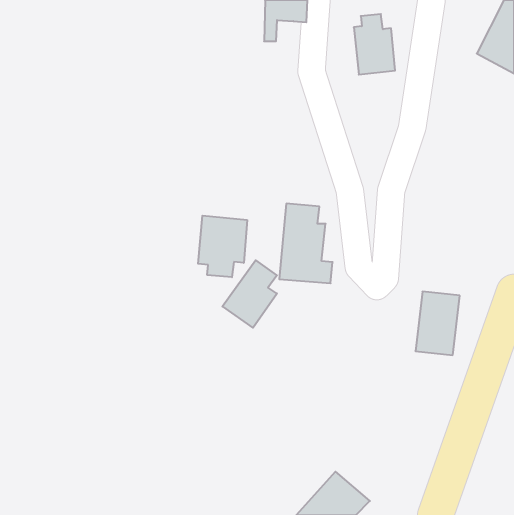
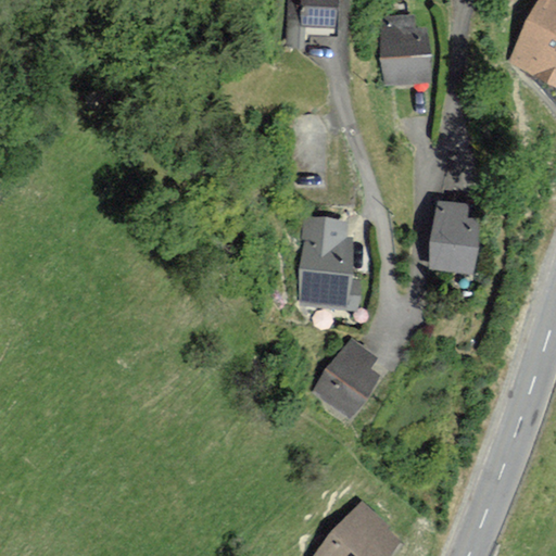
building: [198,216,247,277] -> none
building: [222,260,277,328] -> [316,341,375,414]
building: [415,292,460,355] -> [431,203,479,271]

